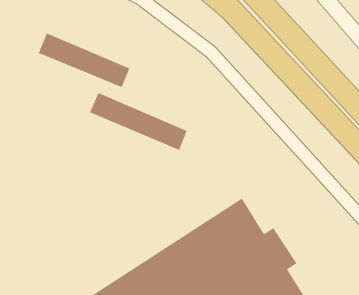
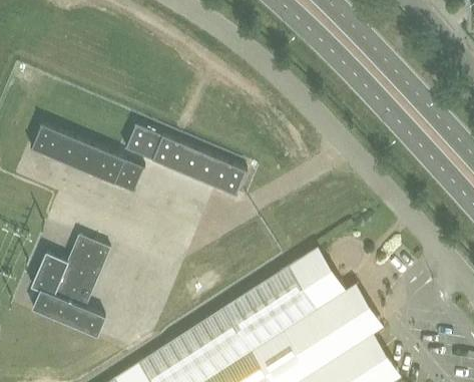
building: [37,32,132,88] -> [30,122,145,190]
building: none -> [31,236,110,336]

